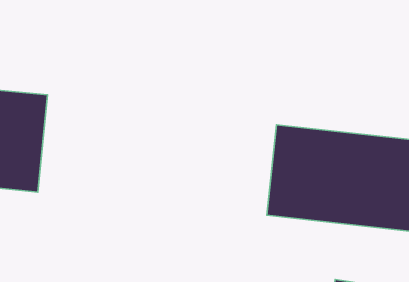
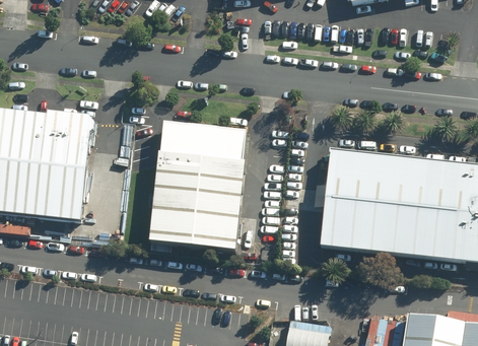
building: none -> [153,121,251,248]

